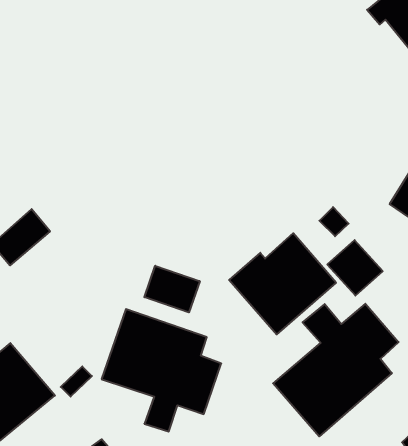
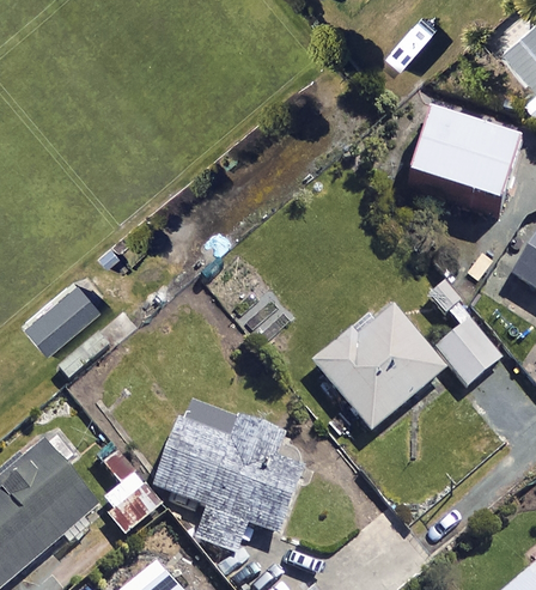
building: none -> [412,116,522,209]
building: [144,266,200,312] -> none
building: [273,304,399,436] -> none

